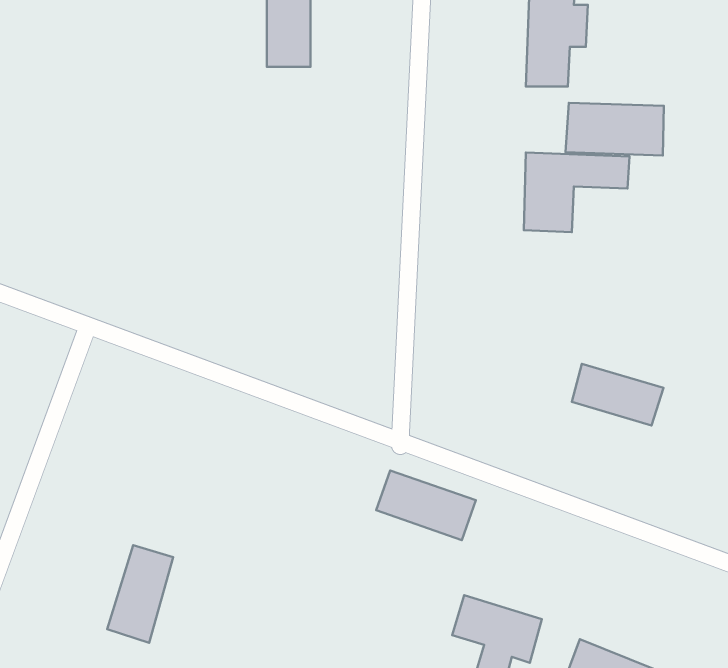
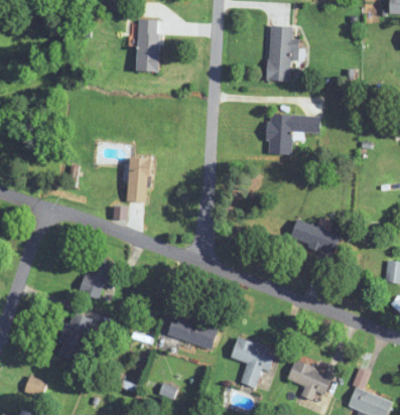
building: [566,103,664,156] -> none
building: none -> [126,157,149,202]
building: none -> [80,257,116,299]
building: [376,470,476,540] -> [166,314,217,350]

